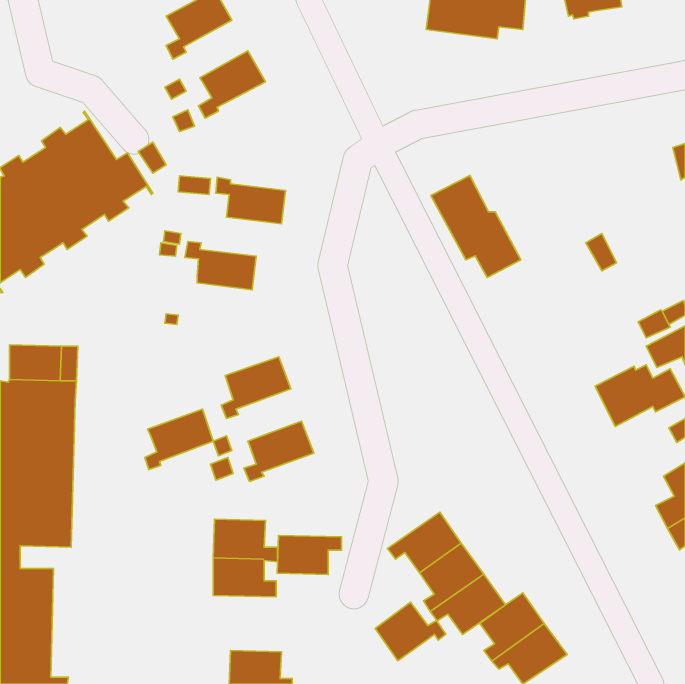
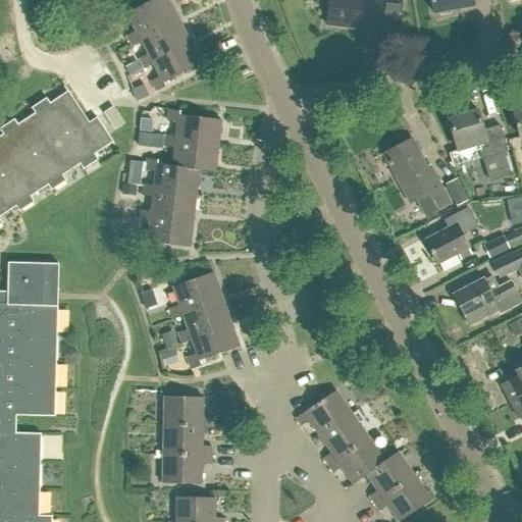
building: none -> [139,15,189,68]
building: none -> [447,108,513,180]
building: none -> [167,109,220,145]
building: [431,176,521,277] -> [381,137,450,214]
building: none -> [144,158,198,195]
building: none -> [424,207,476,262]
building: none -> [138,209,192,246]
building: [145,409,213,469] -> [177,296,229,342]
building: [277,536,341,574] -> [161,453,210,482]
building: [375,602,446,661] -> none

